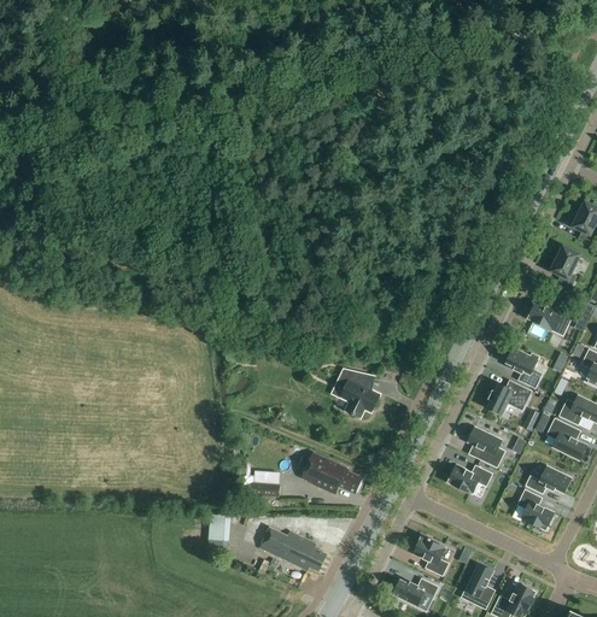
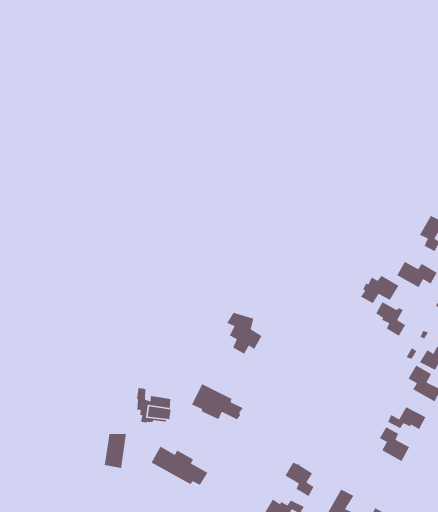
building: [486,380,531,413] -> [360,275,400,304]
building: [467,425,504,466] -> none
building: [447,464,491,493] -> none

